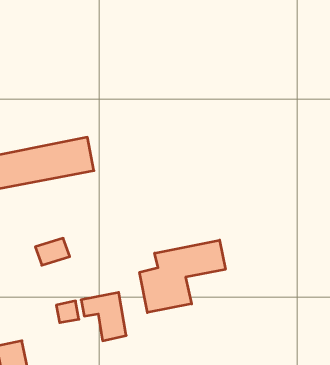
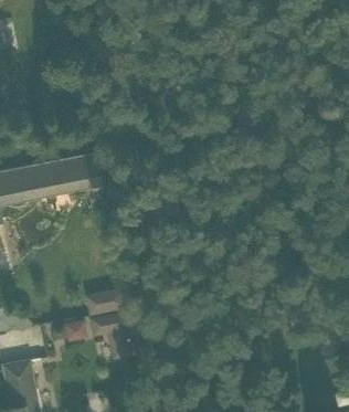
building: [35,238,70,265] -> [81,287,116,315]
building: [140,240,225,313] -> none

